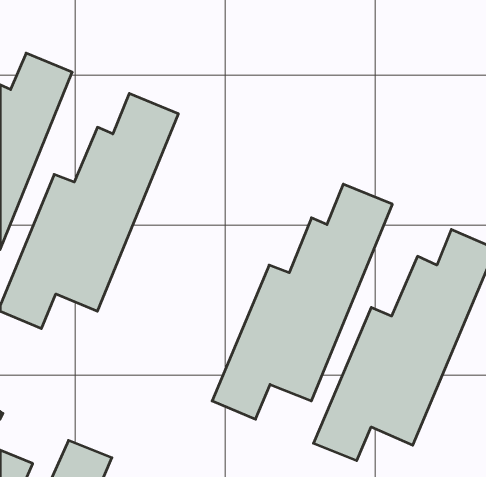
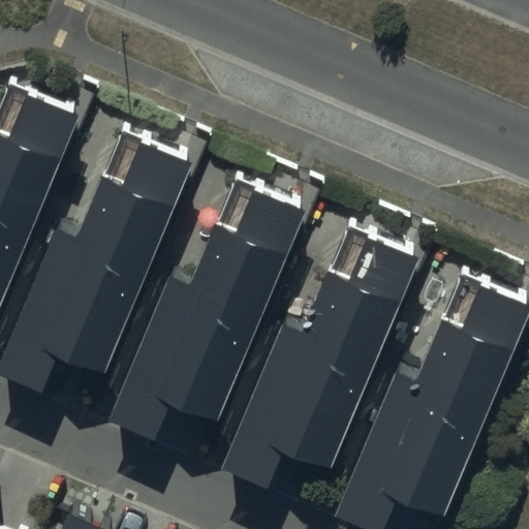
building: none -> [117,169,310,421]

